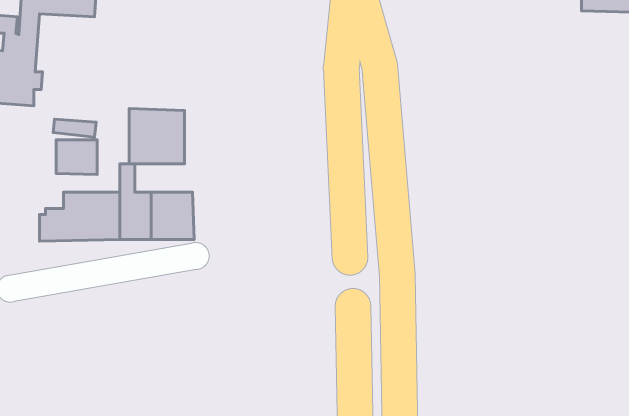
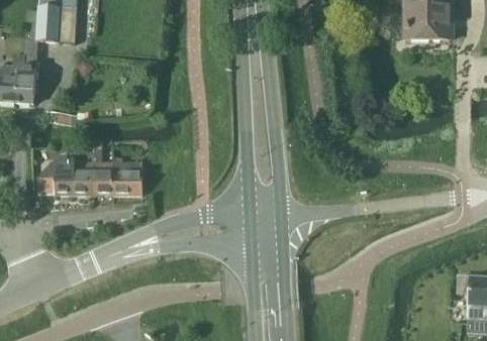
building: [129,109,185,164] -> none
building: [56,140,97,175] -> none

